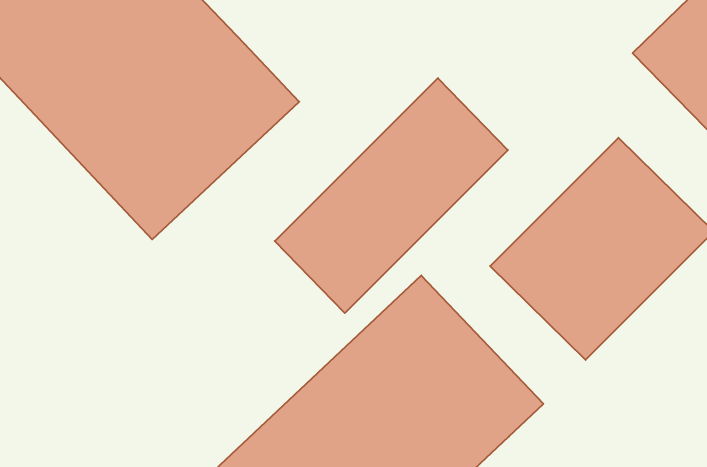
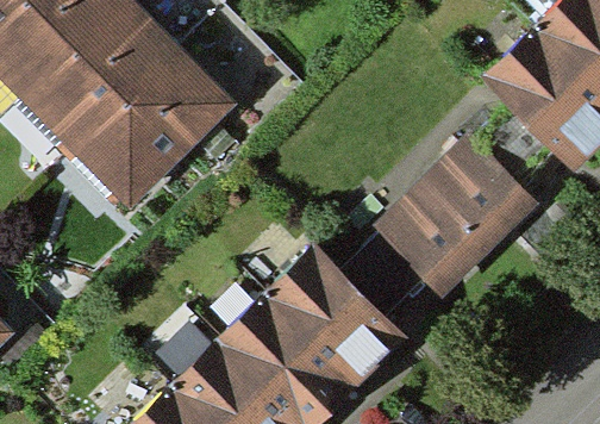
building: [275,78,508,313] -> none

